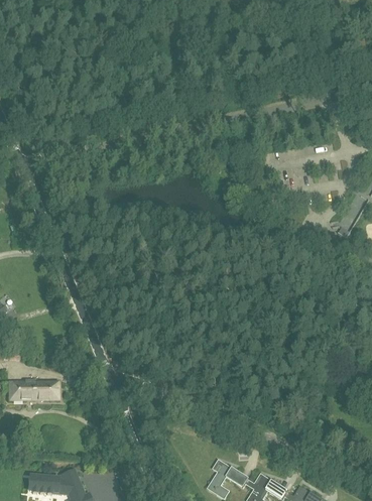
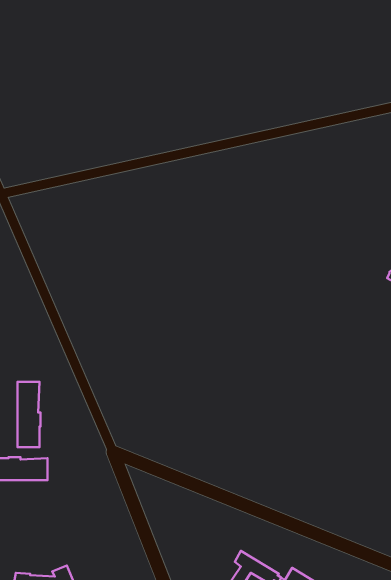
building: none -> [18,382,41,447]

